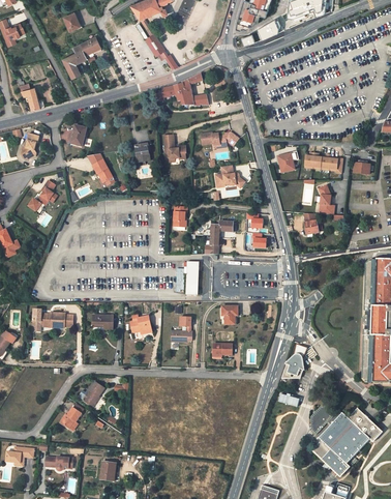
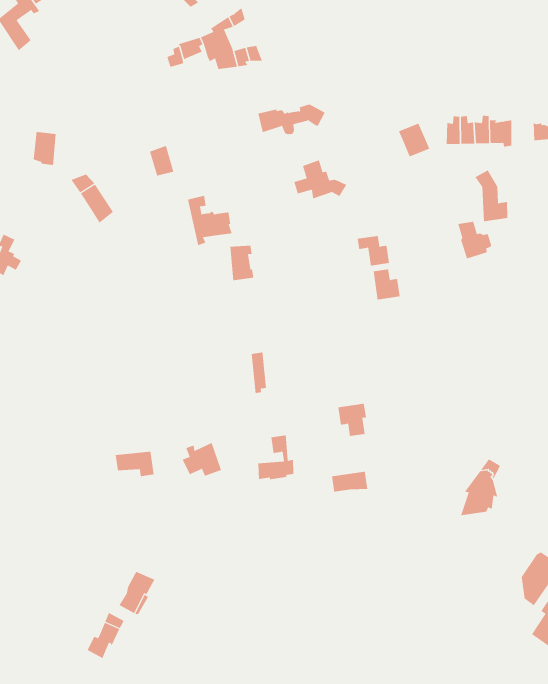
building: [163,135,186,163] -> [187,195,233,246]
building: [209,221,233,254] -> none
building: [183,261,199,294] -> none
building: [33,309,73,328] -> none

